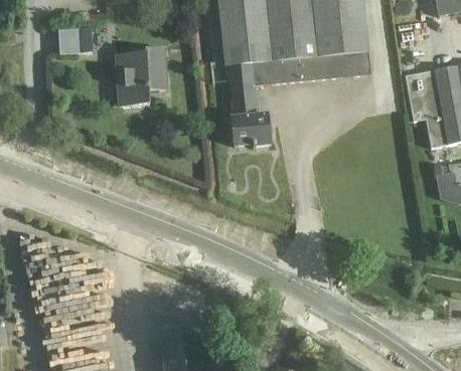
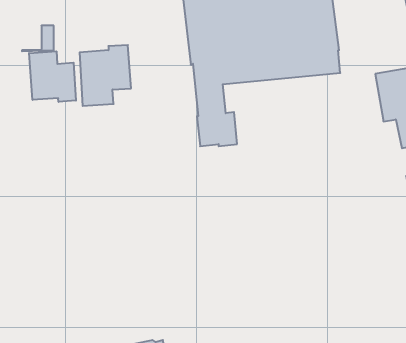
building: none -> [29,51,76,102]

